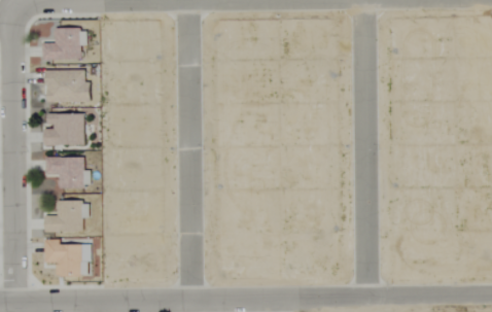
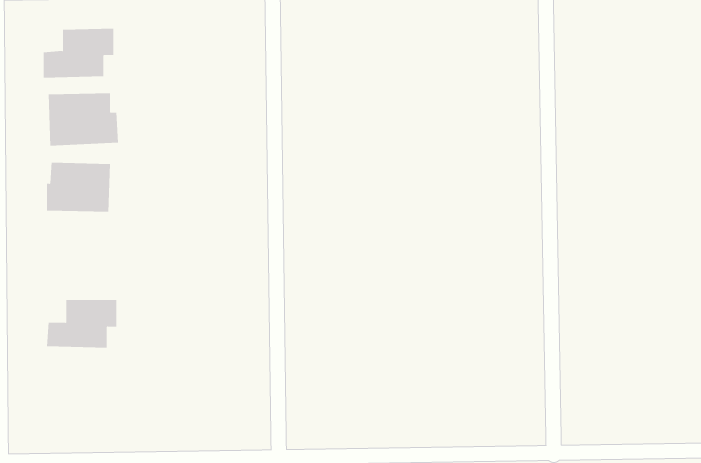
building: [44,157,91,187] -> none
building: [43,239,90,276] -> none

